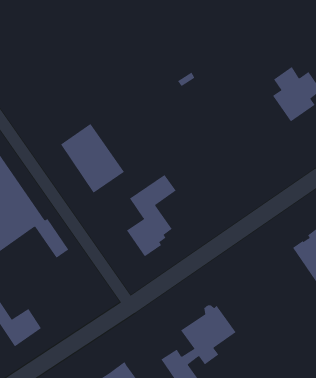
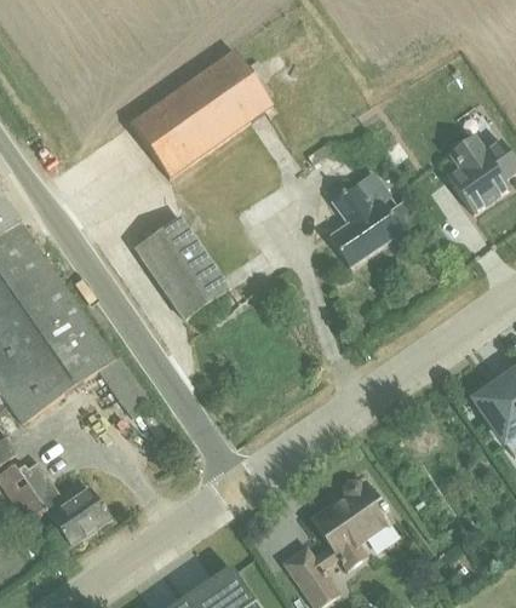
building: none -> [130,50,273,177]
building: none -> [325,172,418,266]
building: [126,174,177,257] -> none

